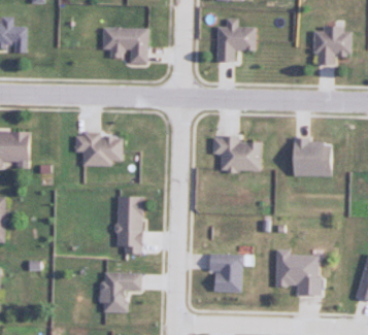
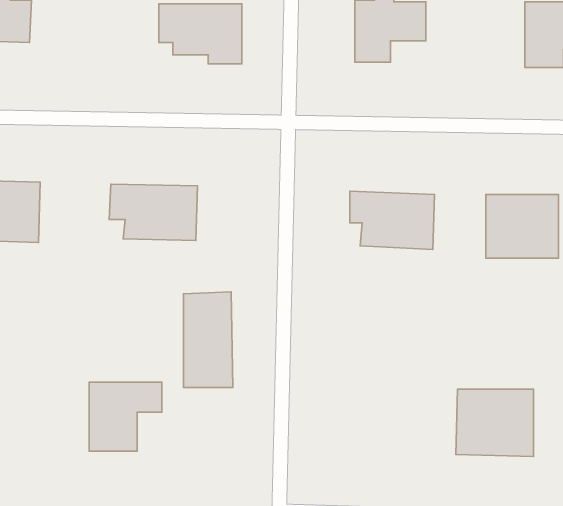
building: [212,255,246,292] -> none
building: [102,273,144,313] -> [89,382,162,451]

